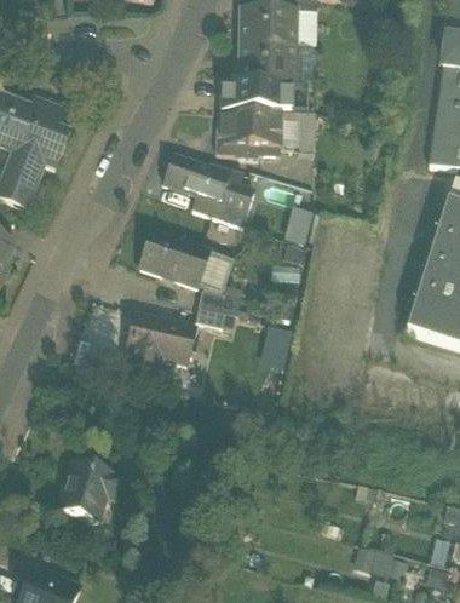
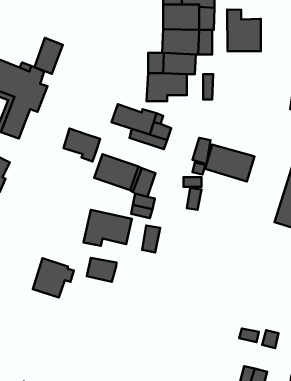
building: none -> [227,9,261,51]
building: none -> [34,38,63,74]
building: [276,113,300,144] -> none
building: none -> [63,128,100,162]
building: none -> [205,145,254,182]
building: [261,331,288,371] -> [142,225,160,252]
building: none -> [87,258,116,282]
building: [58,463,119,521] -> [33,258,74,297]

